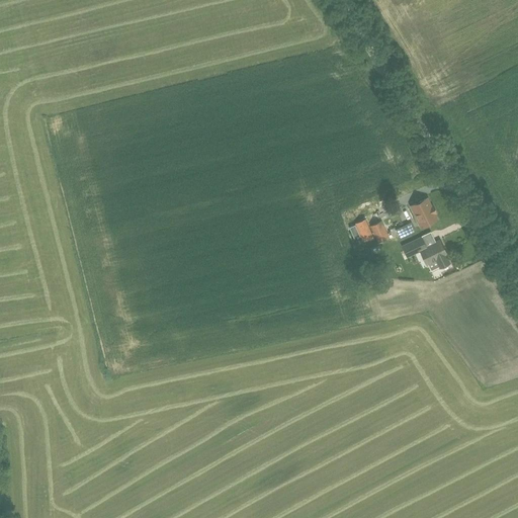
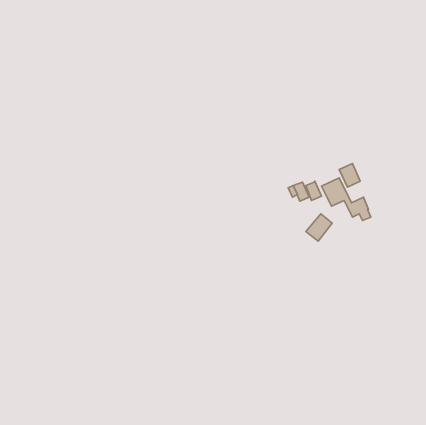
building: none -> [306,214,332,241]

